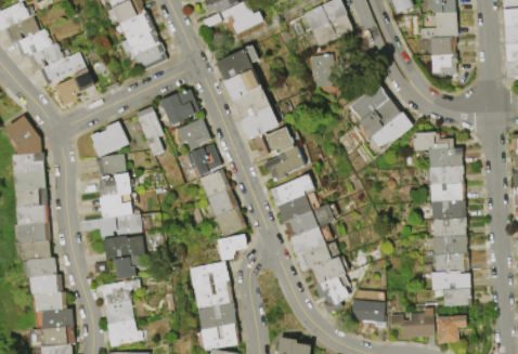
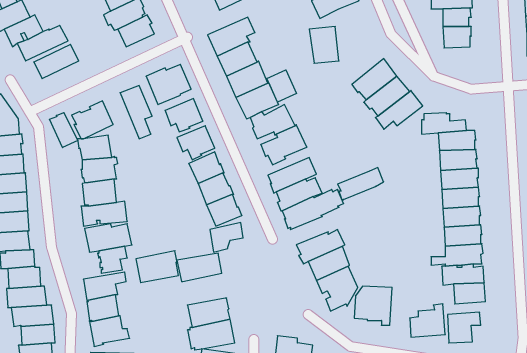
building: none -> [267,70,296,102]
building: none -> [50,113,78,148]
building: [292,224,334,254] -> [338,168,384,201]
building: [193,279,232,309] -> [136,251,178,283]

